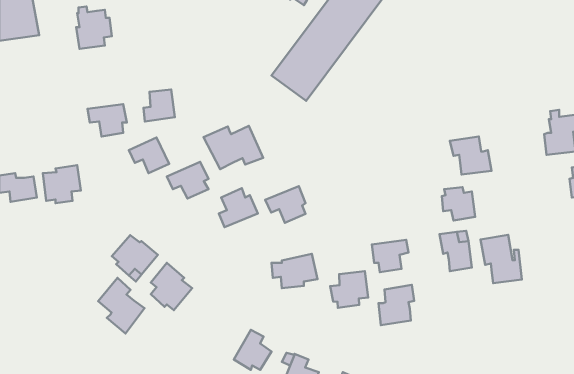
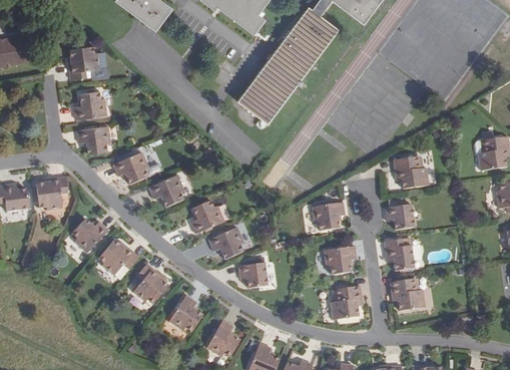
building: [144,89,175,122] -> [75,92,102,120]
building: [204,126,263,169] -> none
building: [265,186,306,223] -> [208,228,243,260]
building: none -> [313,200,345,230]
building: none -> [73,224,109,258]
building: [480,235,522,283] -> [389,277,425,319]
building: [330,271,368,308] -> none
building: [98,278,144,334] -> none
building: none -> [164,295,199,332]

